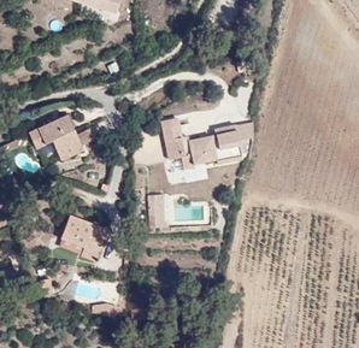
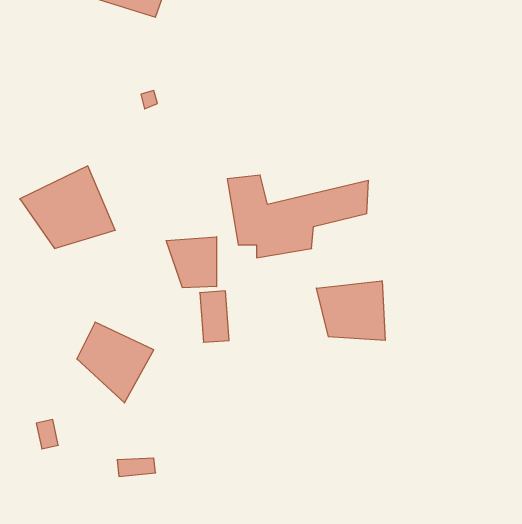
building: none -> [166,237,217,288]
building: none -> [316,281,385,340]

